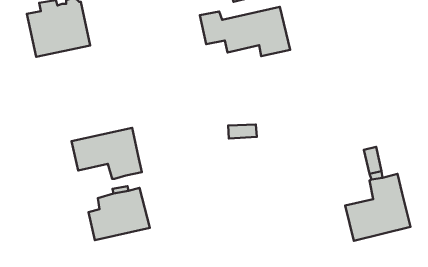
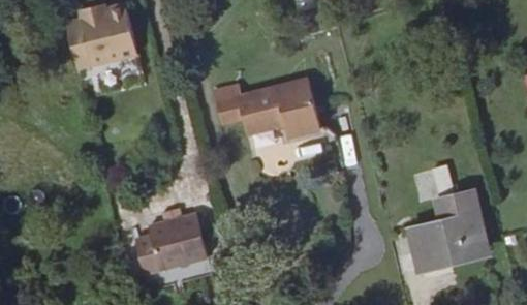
building: [200,7,290,56] -> [224,83,324,138]
building: [71,128,142,179] -> none

